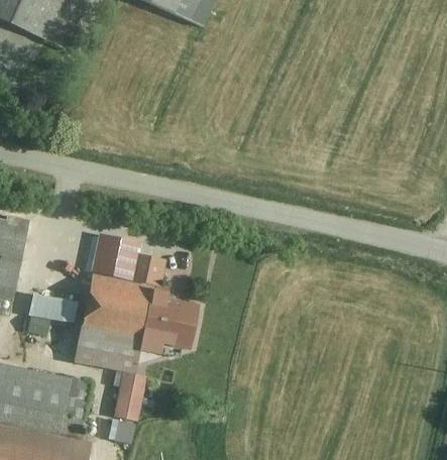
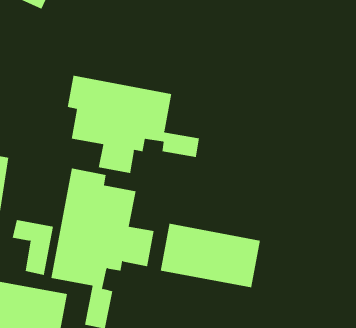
building: none -> [67,75,200,174]
building: none -> [160,223,260,288]

